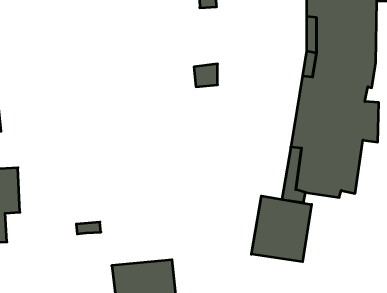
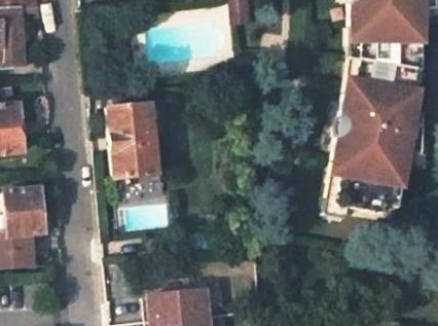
building: none -> [109,100,165,178]
building: [251,196,312,262] -> none

